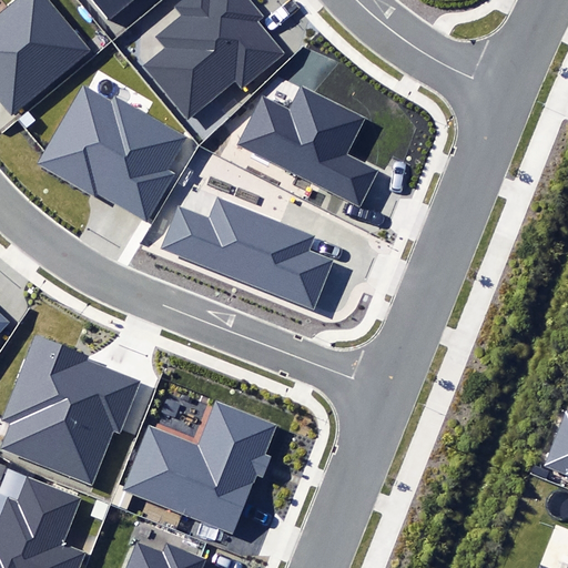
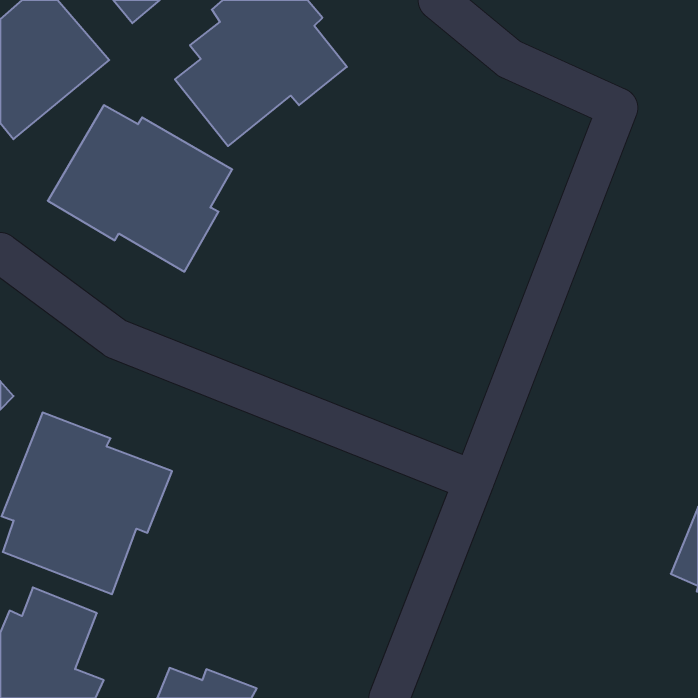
building: [237,87,376,206] -> none
building: [160,199,335,312] -> none
building: [121,402,275,535] -> none

